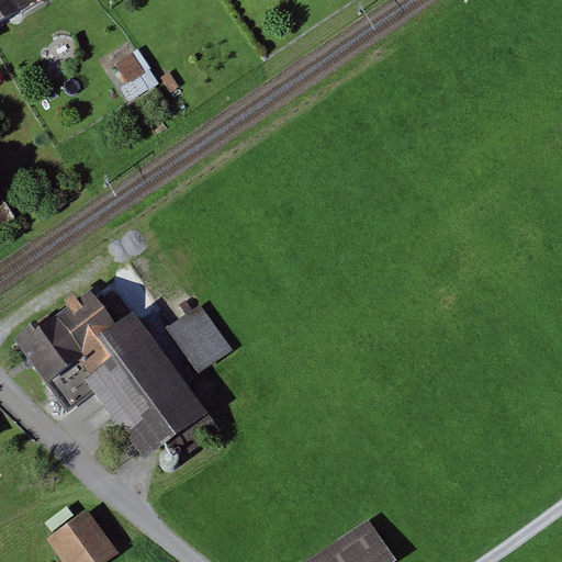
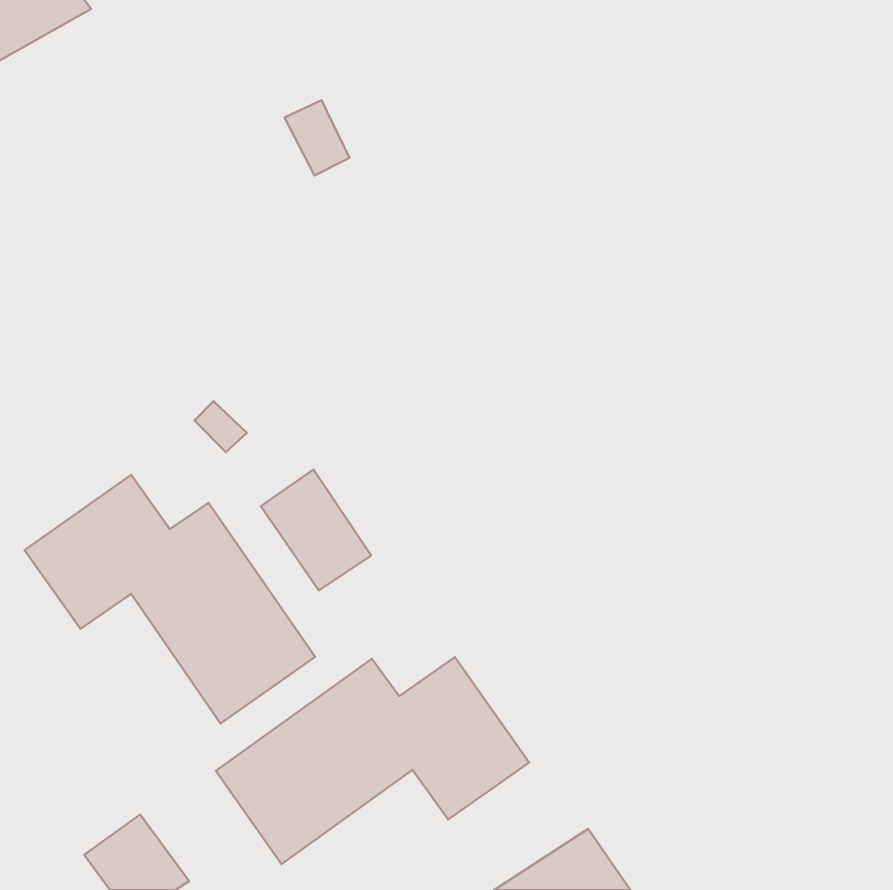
building: [114,49,155,97] -> [285,100,349,175]
building: none -> [216,657,529,864]

